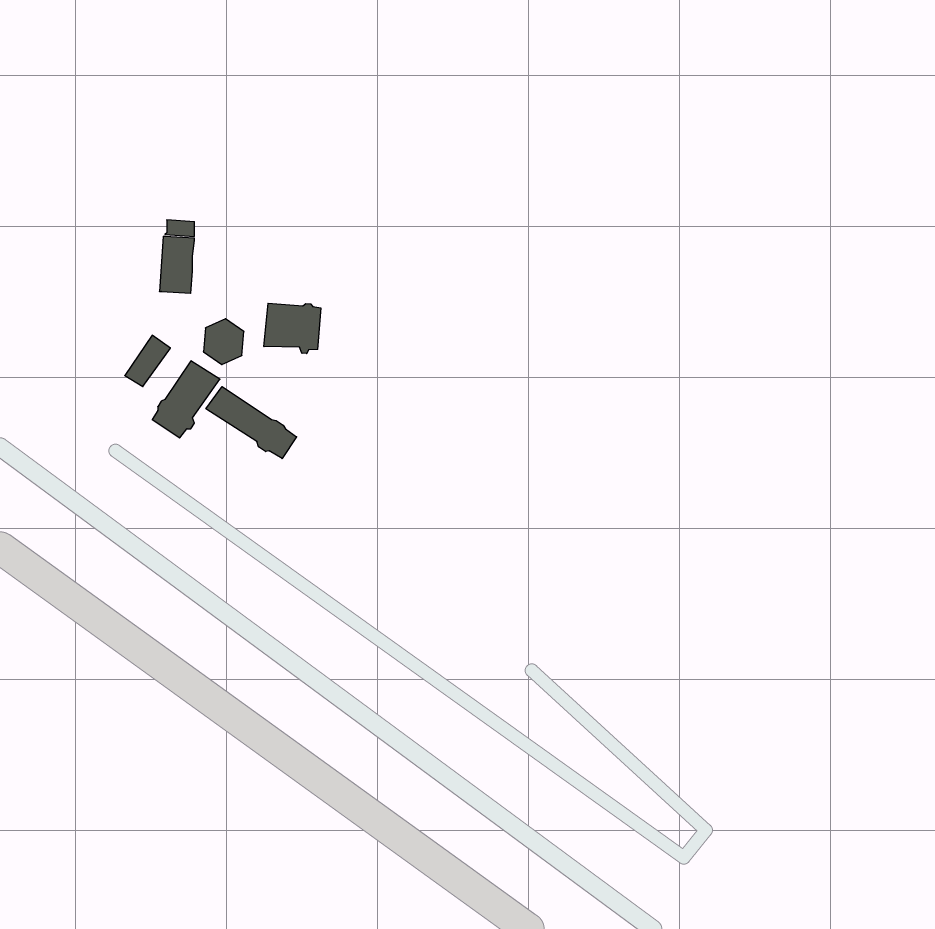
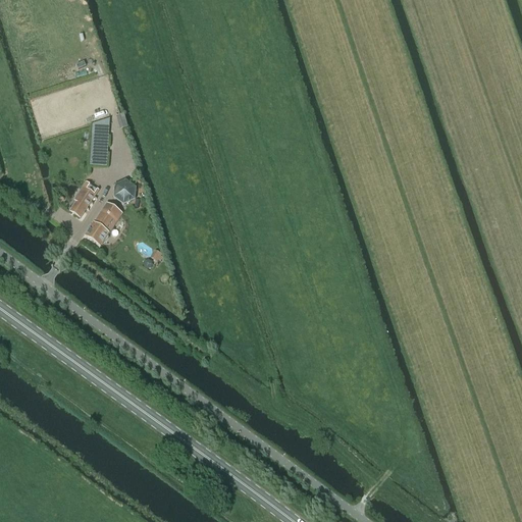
building: [264,303,321,354] -> none
building: [206,387,297,459] -> none

